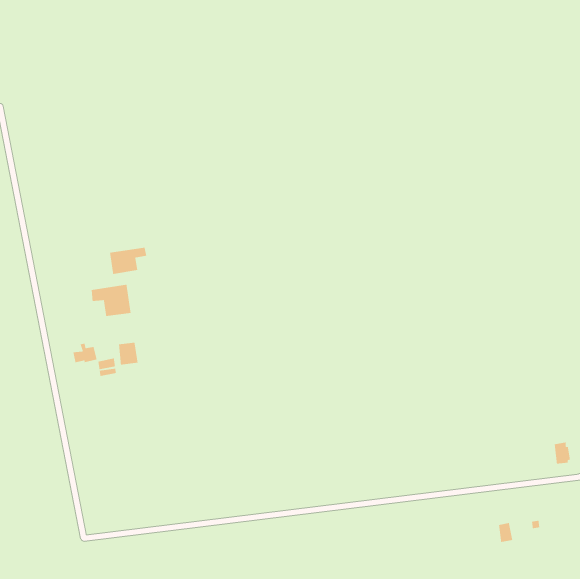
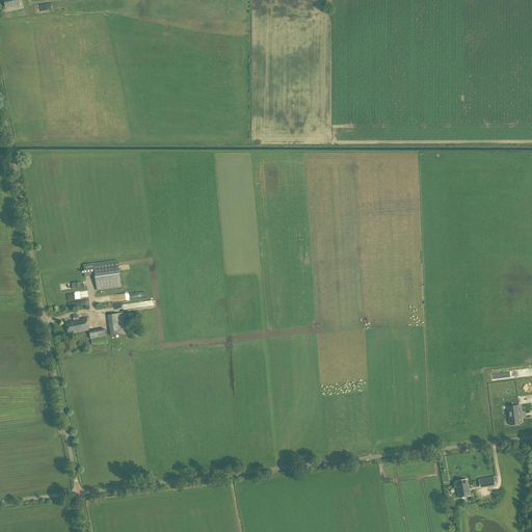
building: [109,247,147,275] -> none

